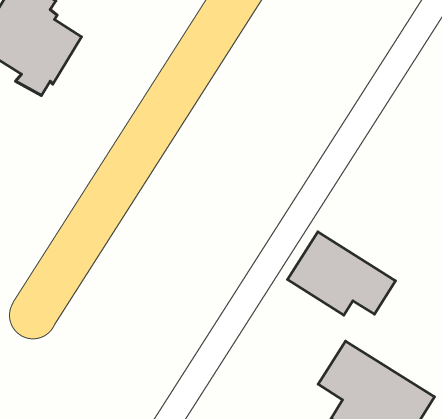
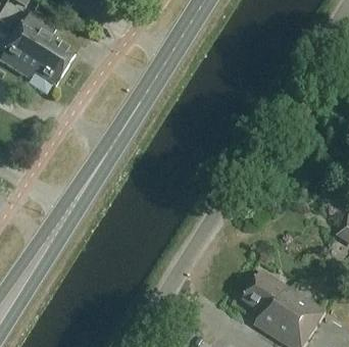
building: [288,232,396,315] -> none

